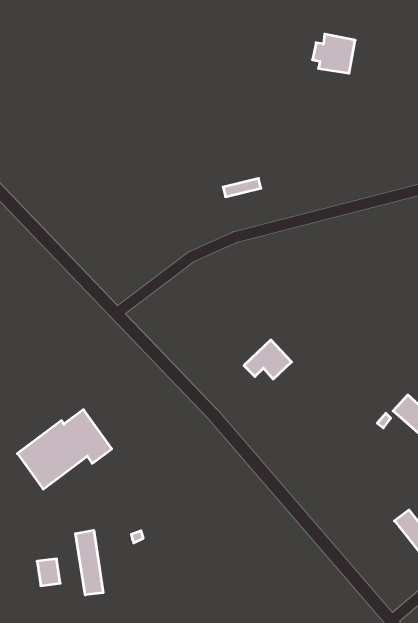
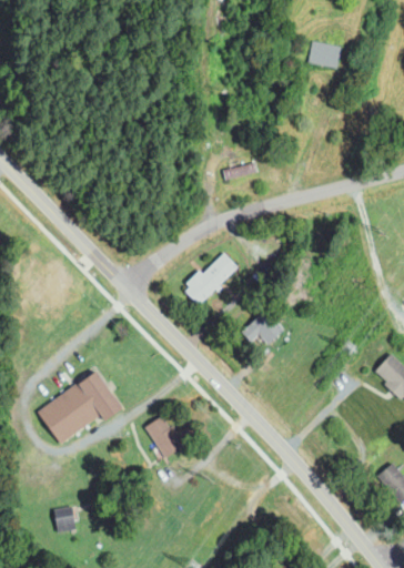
building: none -> [185,254,239,306]
building: none -> [145,416,182,458]
building: [75,530,103,595] -> none

